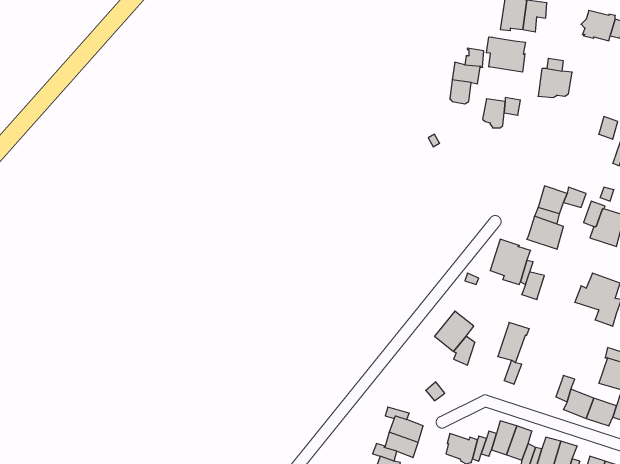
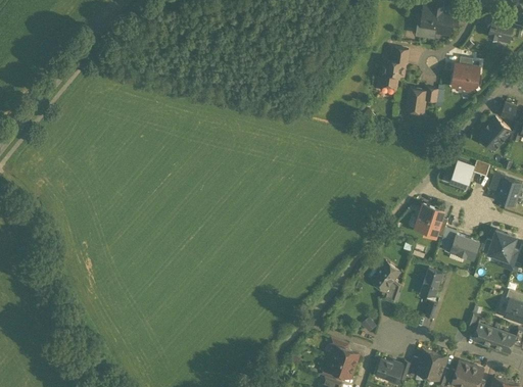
building: [486,37,525,72] -> none
building: none -> [479,117,511,146]
building: [527,216,563,249] -> [450,234,480,260]

